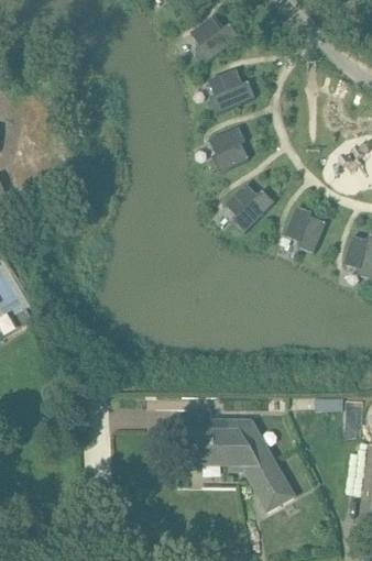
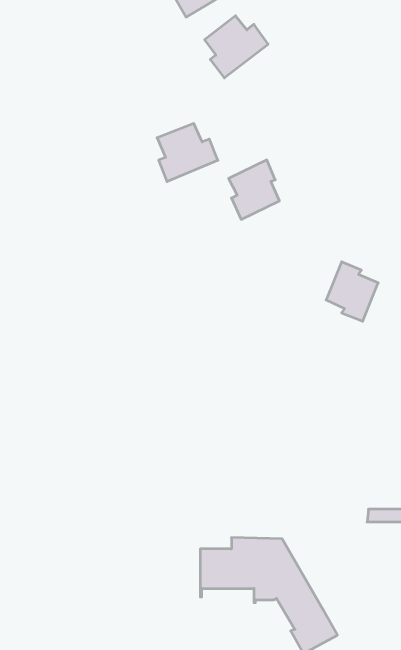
building: [208,67,255,112] -> [157,124,218,182]
building: [226,183,275,231] -> none

